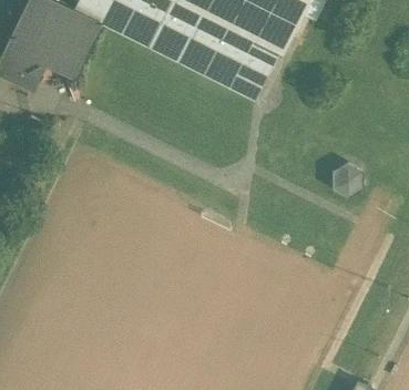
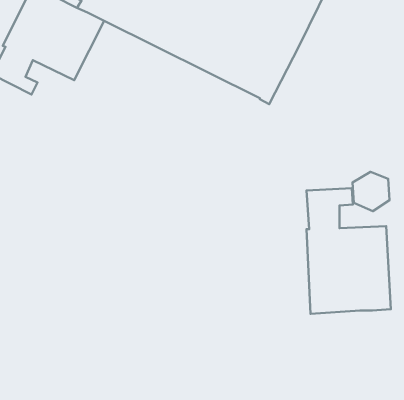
building: none -> [306,188,391,314]

